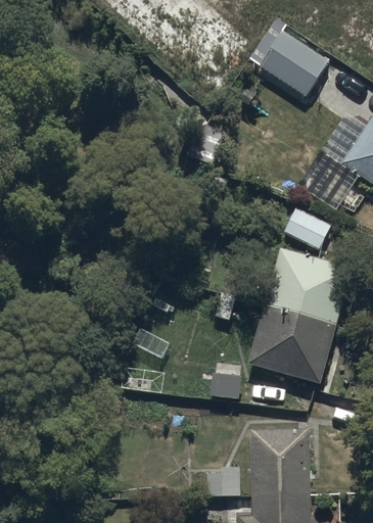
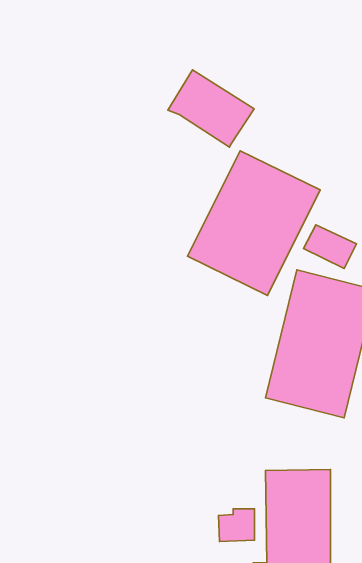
building: [248,25,327,95] -> [168,70,254,147]
building: none -> [188,151,320,295]

